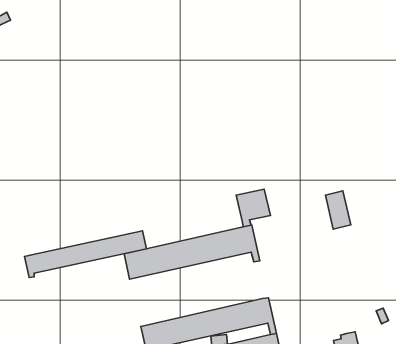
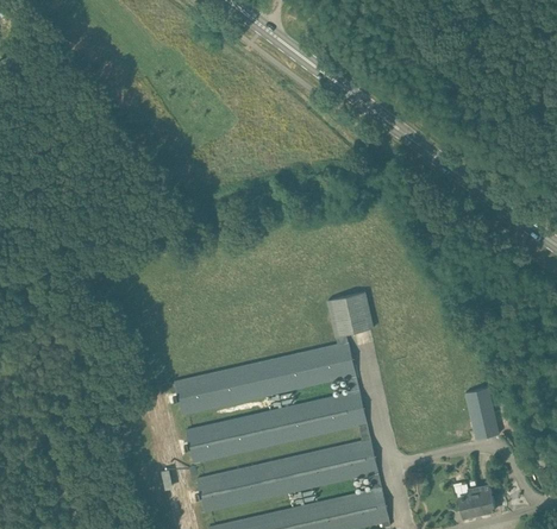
building: [325,191,351,229] -> [464,388,499,440]
building: [25,231,147,277] -> none
building: none -> [184,390,370,464]

